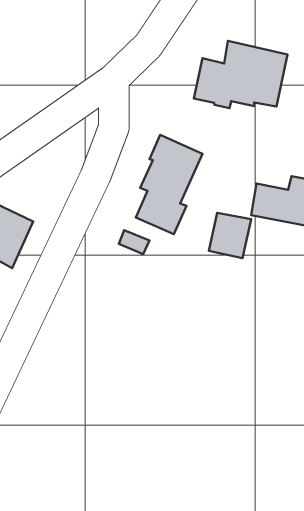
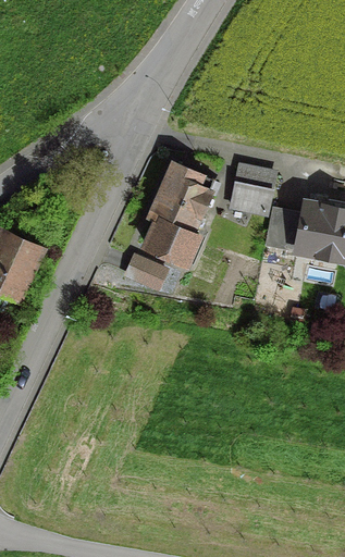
building: [194,41,287,108] -> none
building: [209,213,251,258] -> [232,166,275,213]

